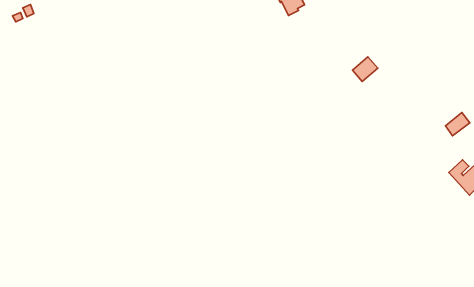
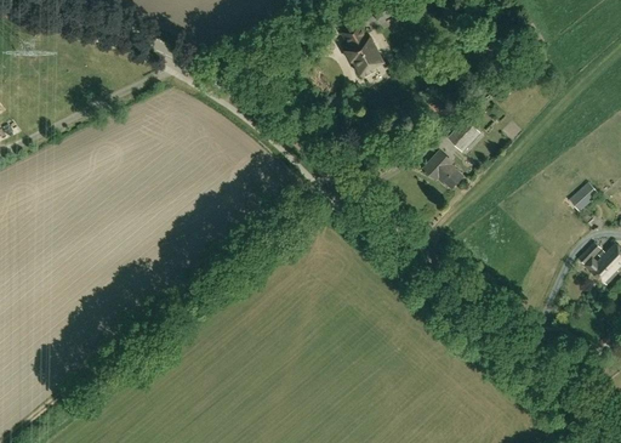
building: none -> [423,152,462,188]

